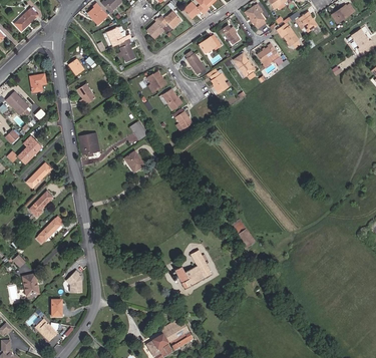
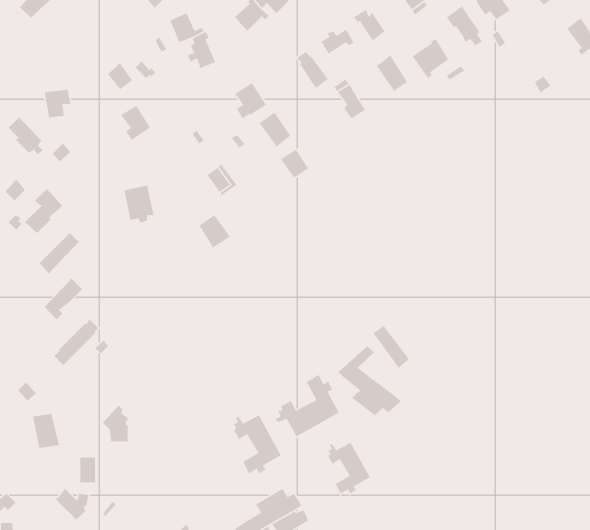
building: none -> [337,346,402,416]
building: none -> [233,414,282,474]
building: none -> [327,441,371,495]

